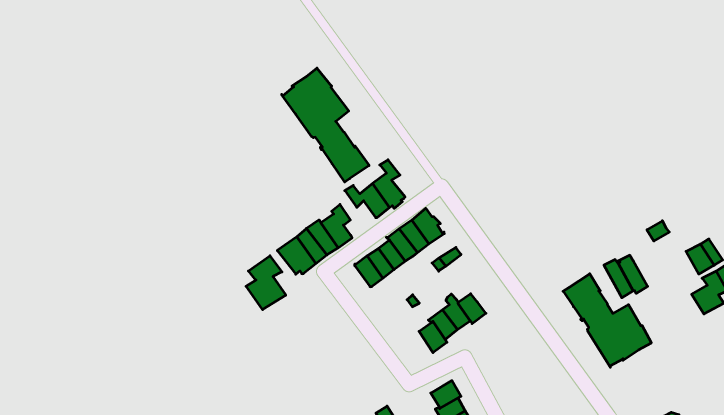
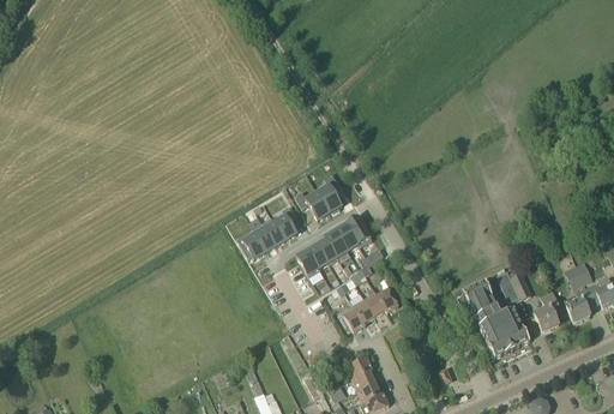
building: [282,68,369,182] -> none
building: [246,256,286,310] -> none
building: none -> [534,293,559,331]

